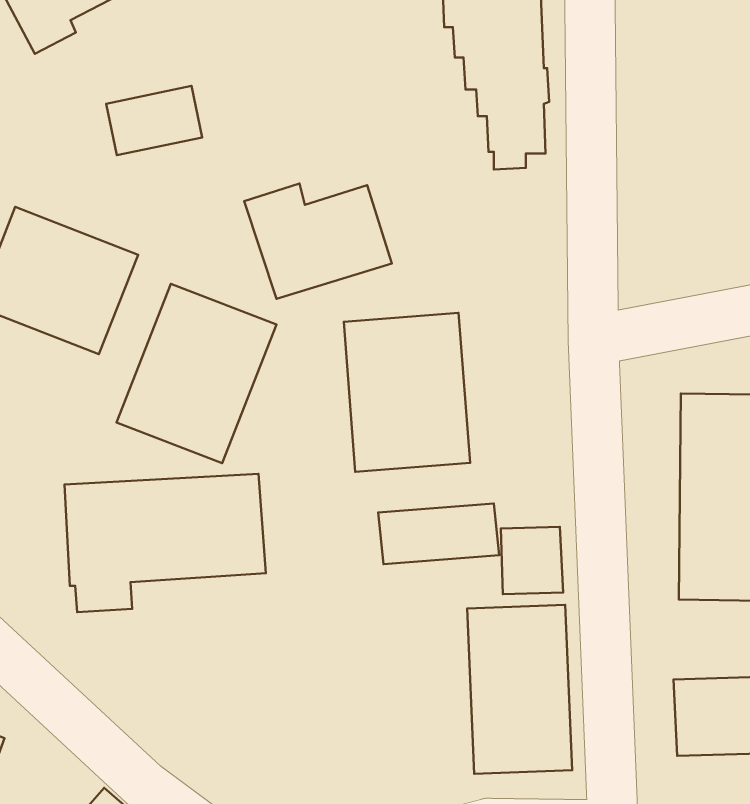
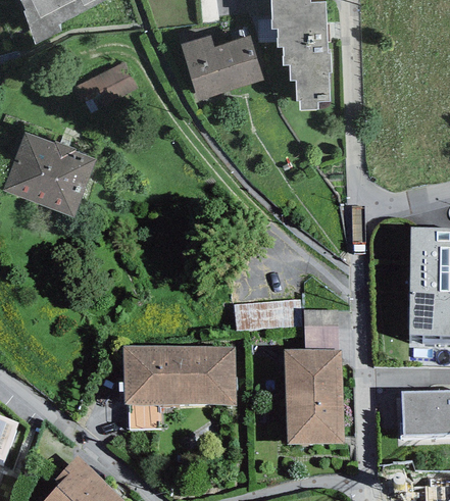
building: [244,183,392,299] -> [179,30,263,96]
building: [116,284,276,463] -> none
building: [344,313,470,472] -> none
building: [65,474,266,612] -> [121,349,237,429]

